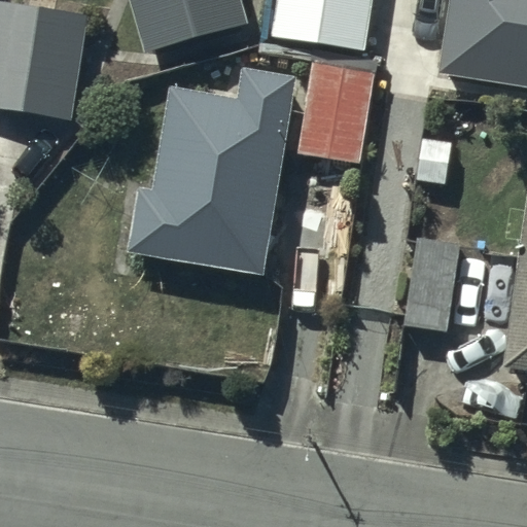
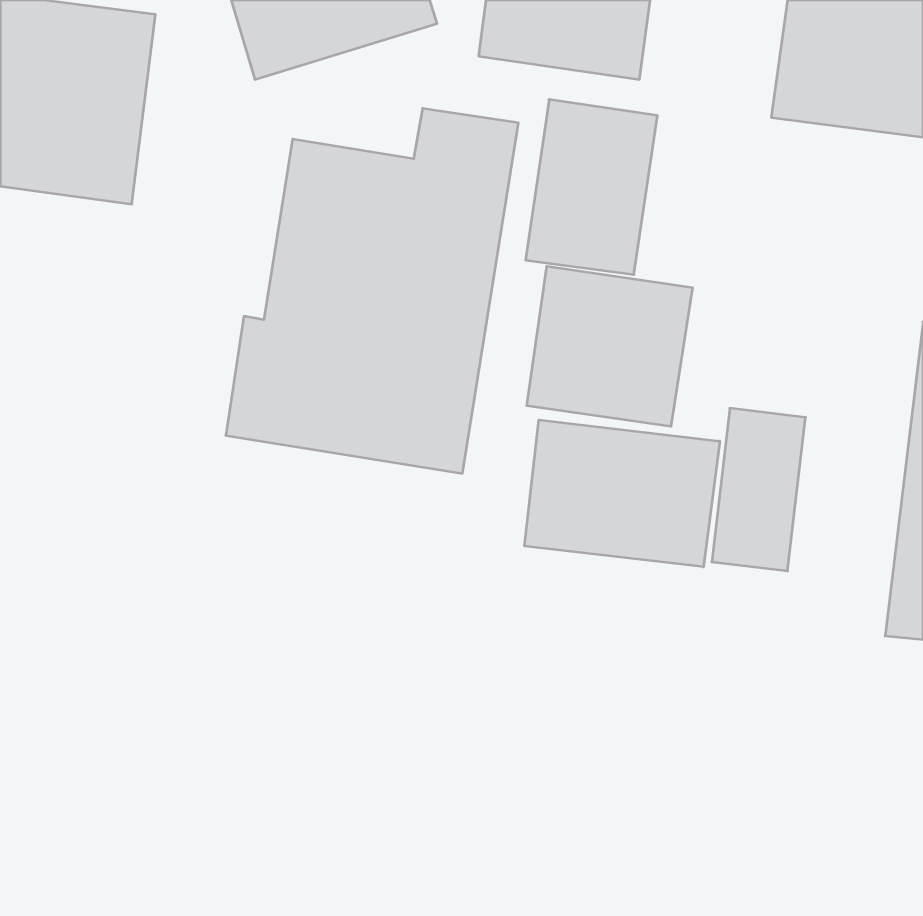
building: none -> [527,266,692,426]
building: none -> [525,420,720,567]

